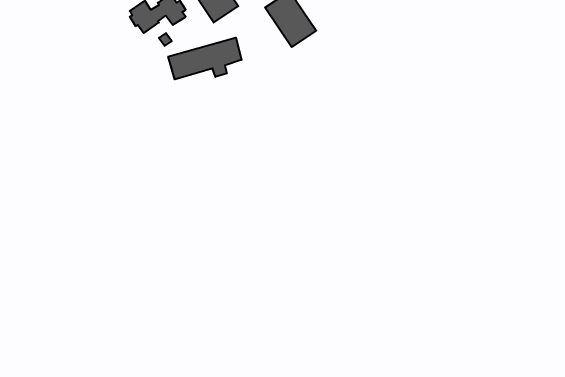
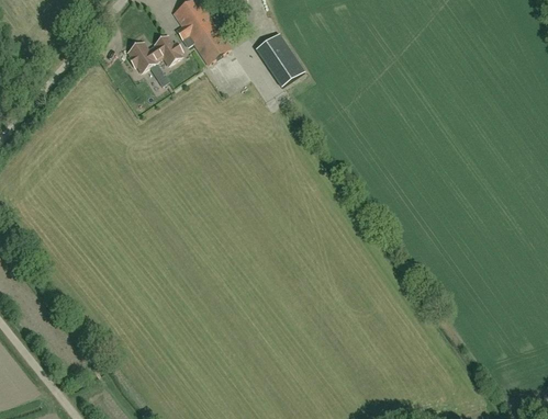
building: [168,38,242,79] -> none

